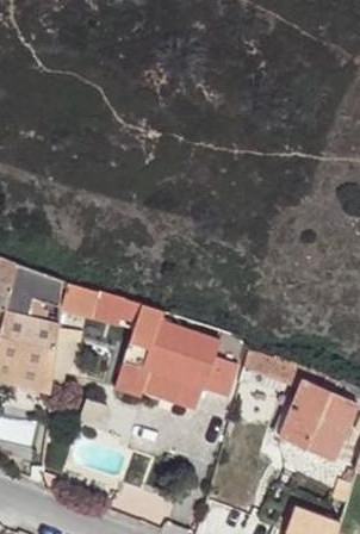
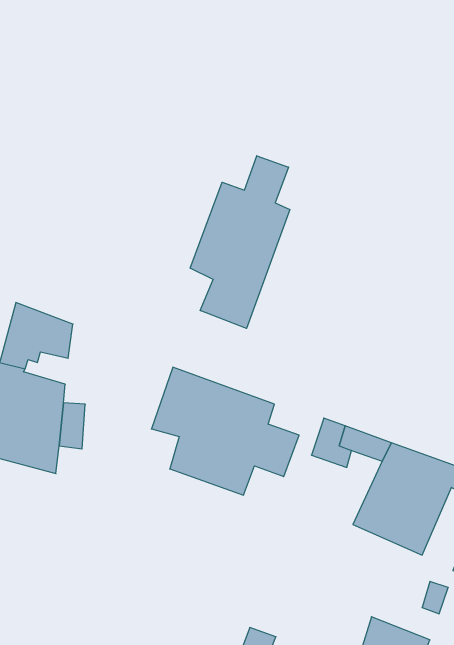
building: none -> [190,156,290,328]
building: [63,281,124,327] -> none

